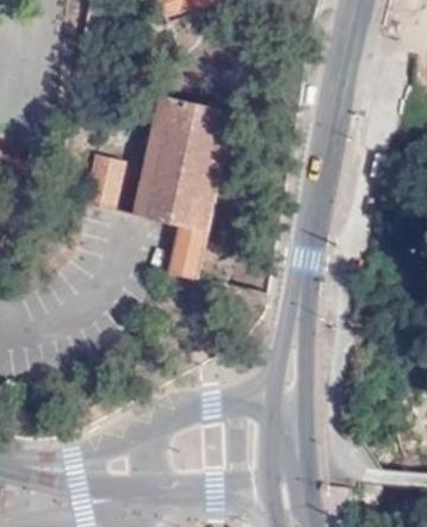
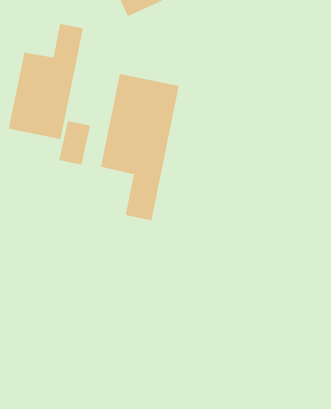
building: none -> [8,23,84,140]

